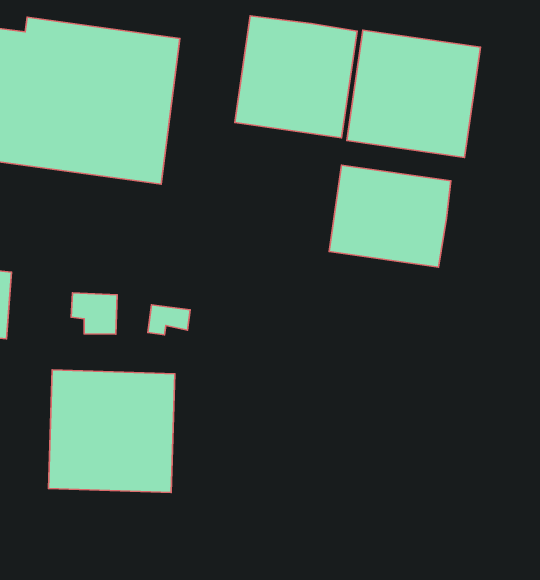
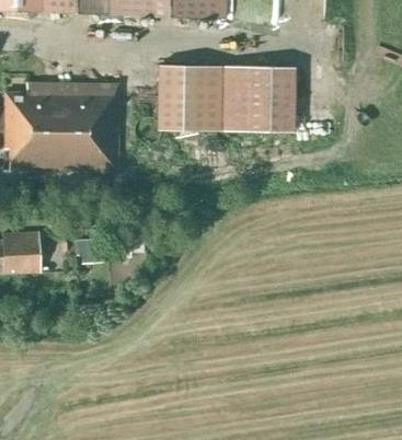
building: [329,165,451,267] -> none
building: [48,370,175,492] -> none

